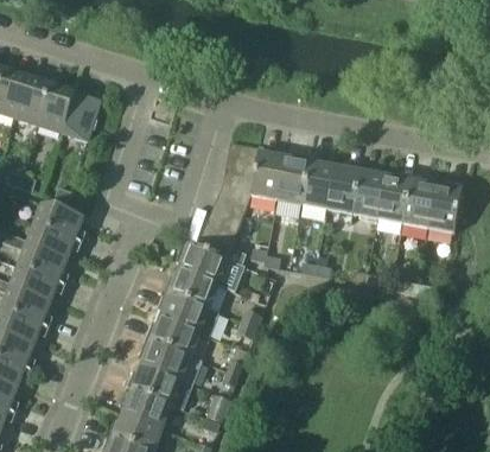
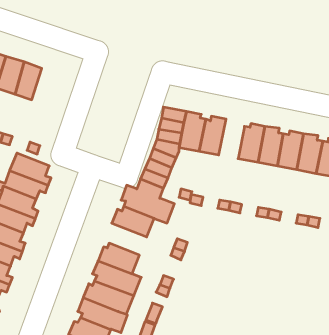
building: [61,93,101,141] -> none
building: [301,158,335,209] -> none
building: [158,292,218,337] -> none

